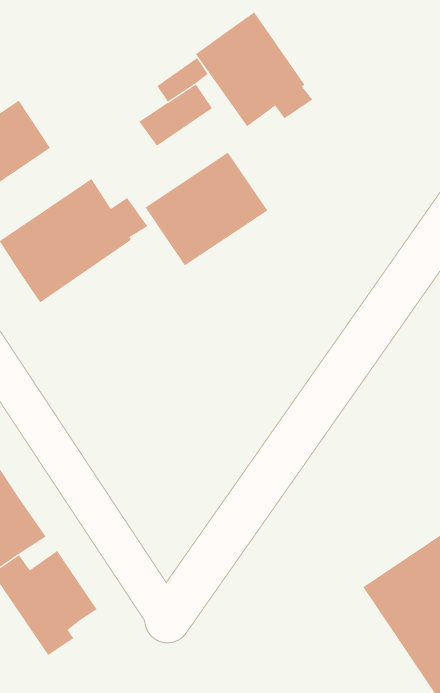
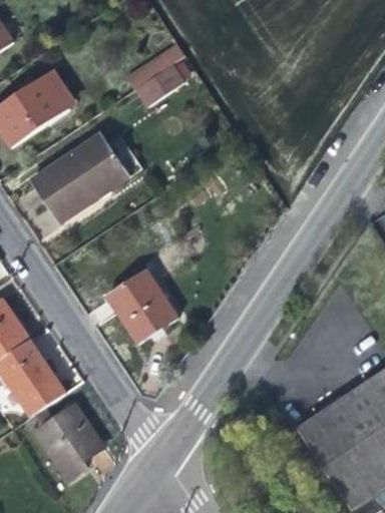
building: [195,12,313,127] -> none
building: [145,152,268,266] -> none
building: none -> [105,268,178,344]

